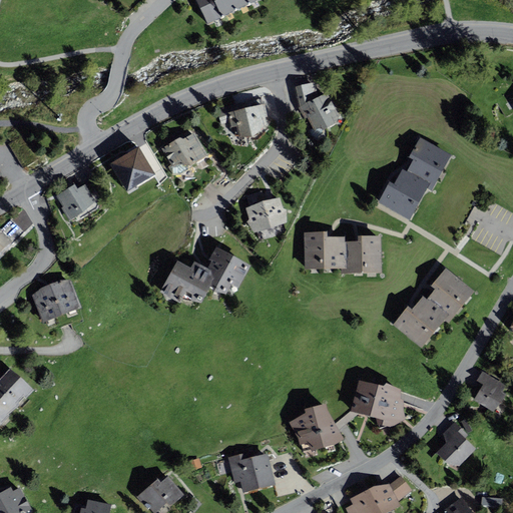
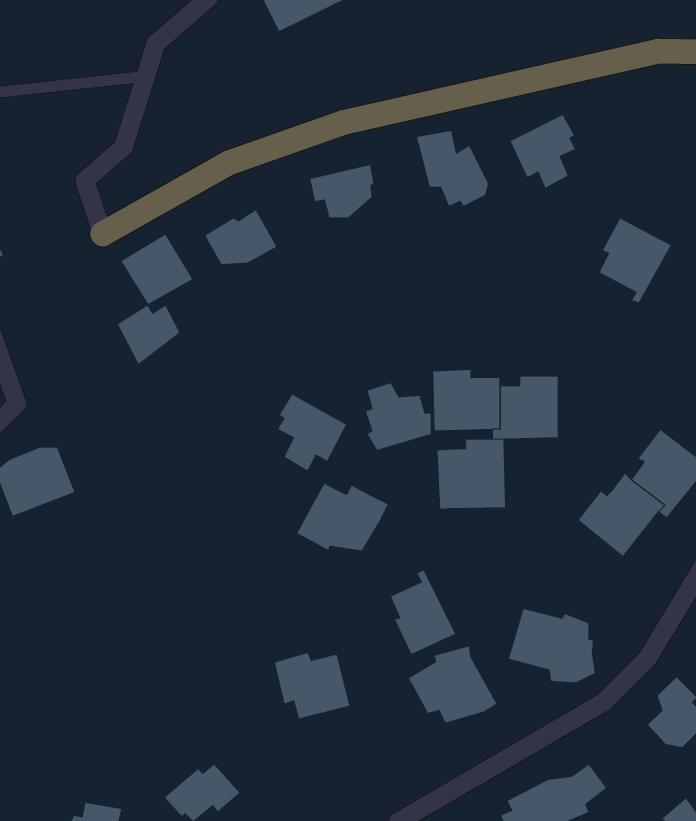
building: none -> [510,114,576,188]
building: [378,168,429,219] -> none
building: [55,184,94,221] -> [117,305,180,365]
building: [244,190,286,232] -> [365,383,432,450]
building: [159,261,216,303] -> [296,483,388,551]
building: none -> [437,439,505,509]
building: none -> [390,570,456,655]
building: [227,452,275,493] -> [274,653,350,719]

